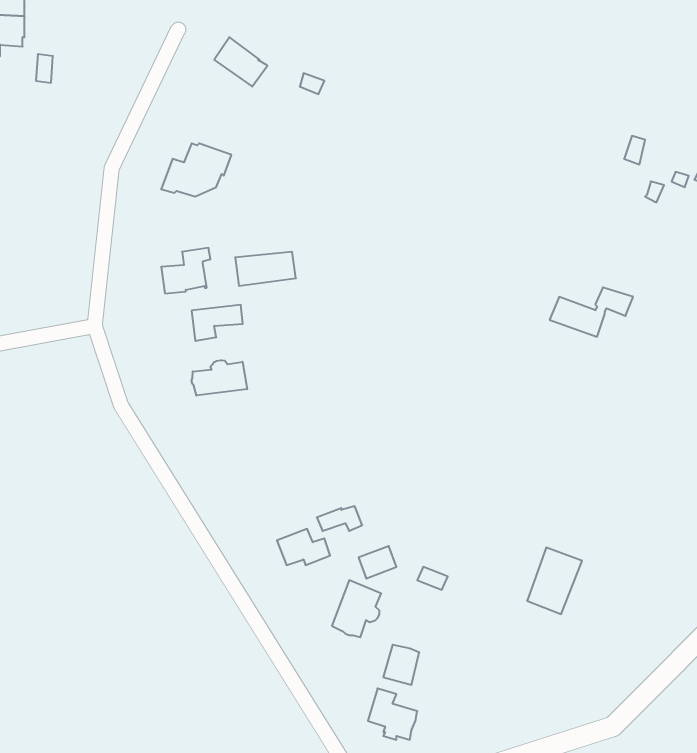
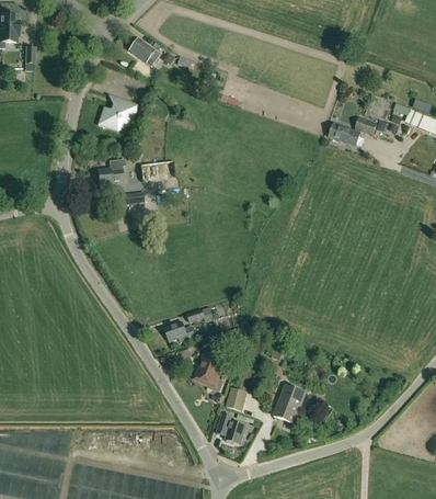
building: [550,287,633,337] -> [329,117,377,146]
building: [192,360,247,396] -> none
building: [527,548,582,614] -> [274,384,306,422]

